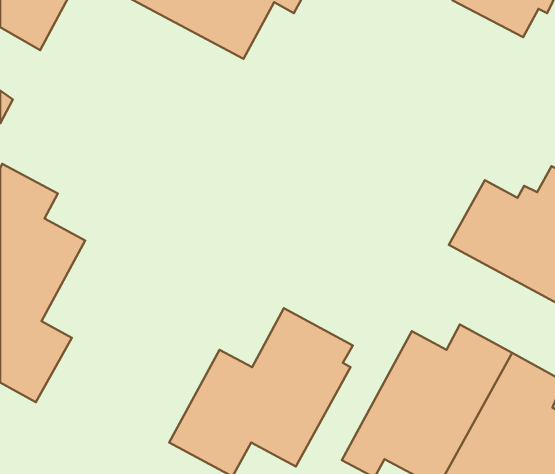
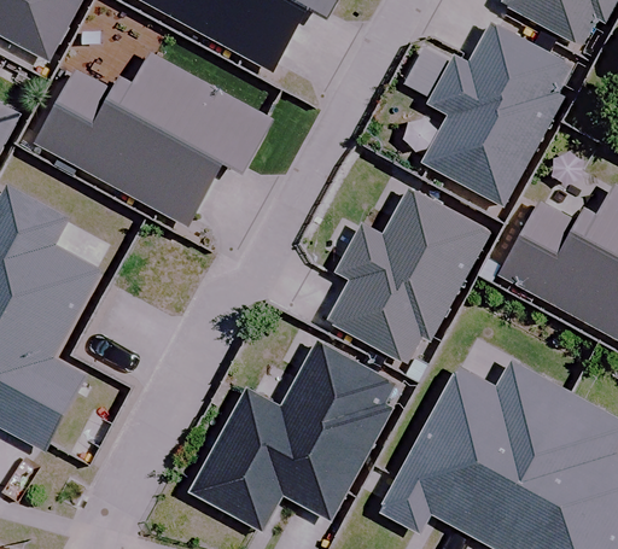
building: none -> [424,24,569,204]
building: none -> [35,54,270,223]
building: none -> [330,189,488,361]

